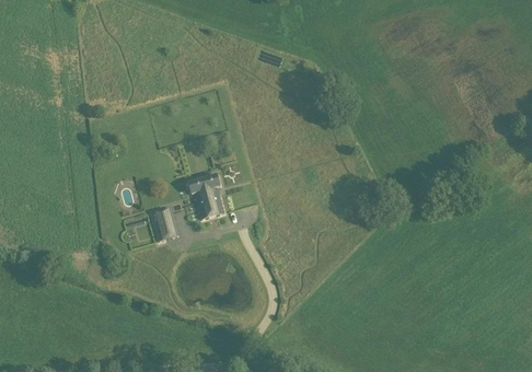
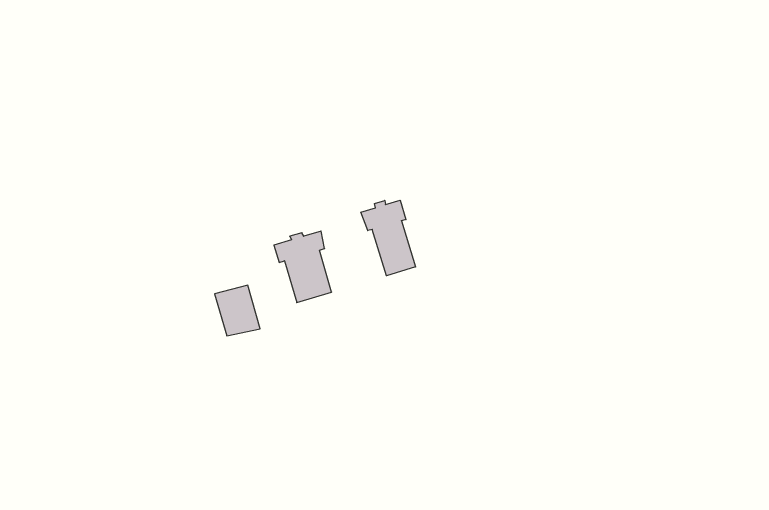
building: none -> [361,200,416,276]

